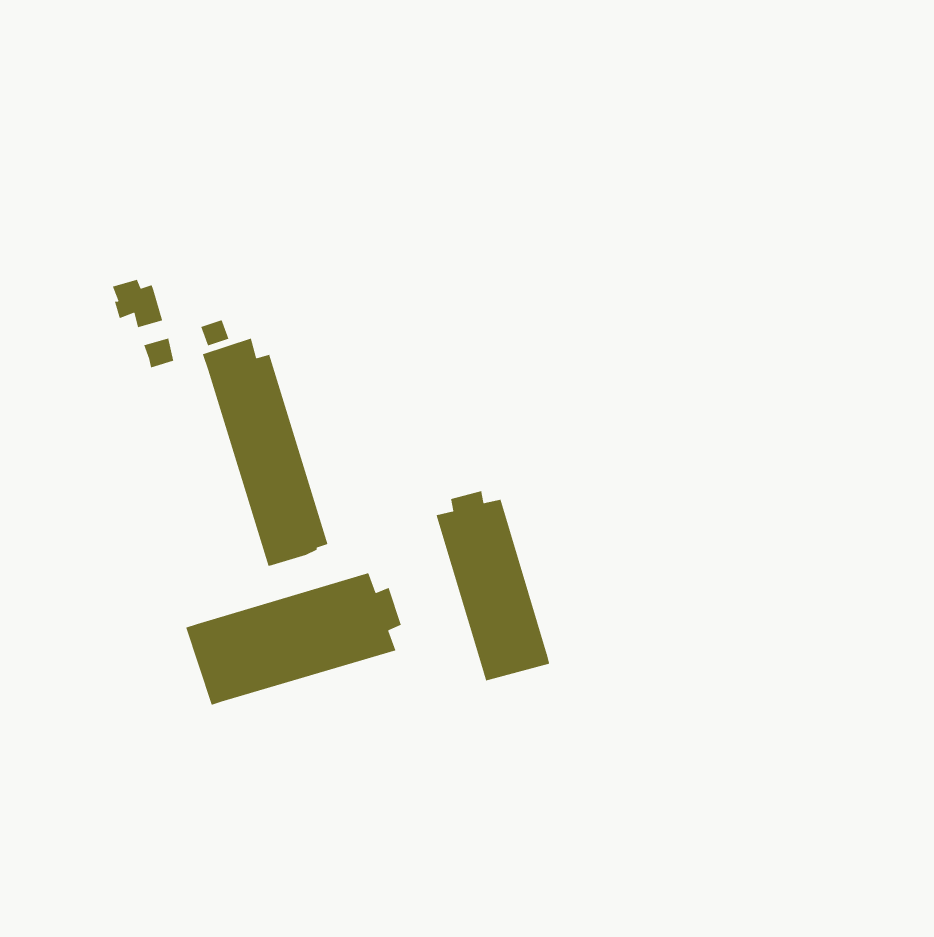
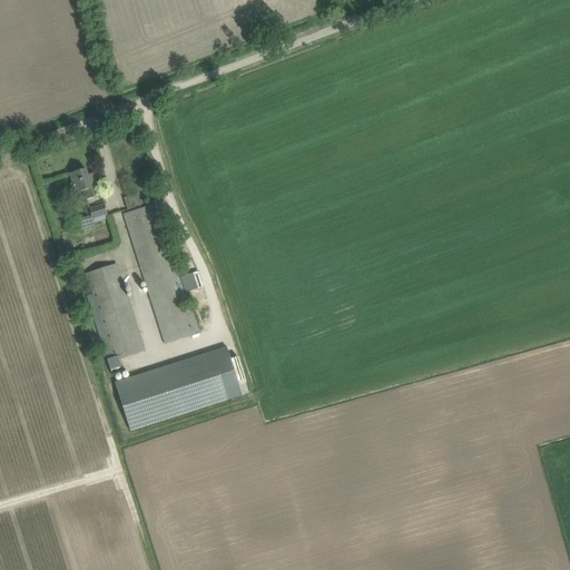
building: none -> [85,264,141,361]
building: [436,490,550,681] -> none

